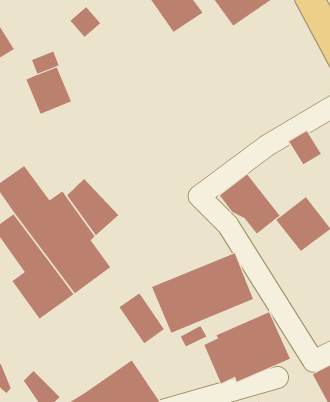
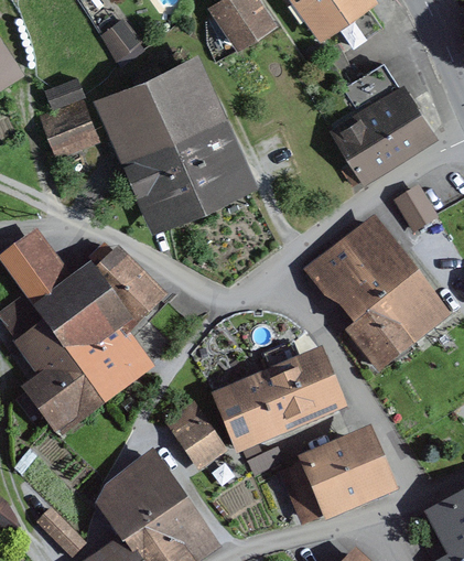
building: none -> [90,52,257,234]
building: none -> [327,61,438,185]
building: none -> [338,215,418,299]
building: none -> [344,304,410,373]
building: none -> [94,445,183,538]

